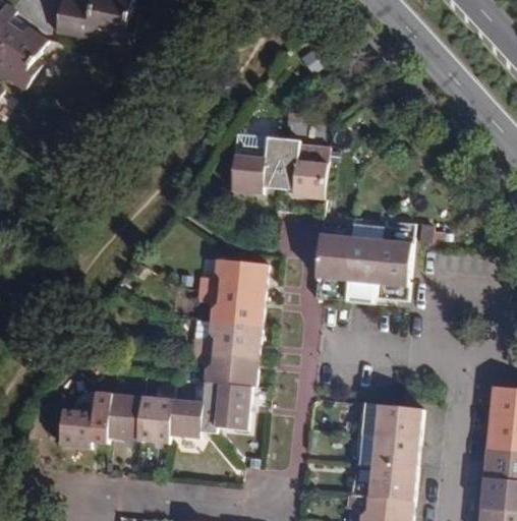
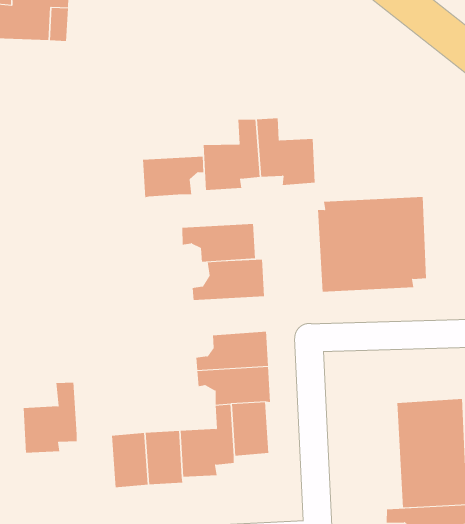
building: none -> [143,156,204,198]
building: [199,286,265,323] -> [182,224,256,262]
building: [61,390,113,450] -> [23,382,78,453]

